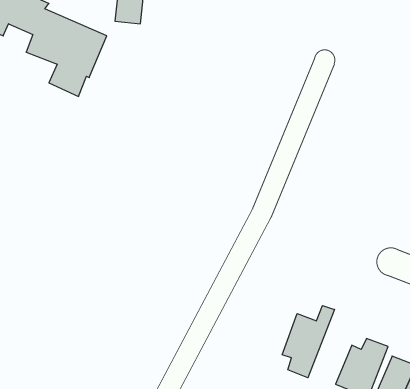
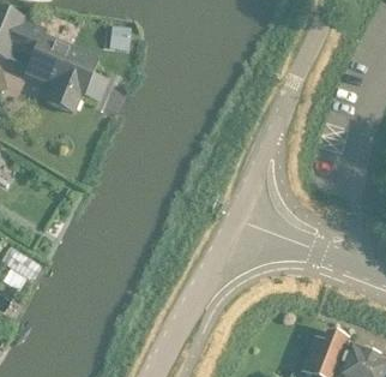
building: [282,306,334,378] -> none

